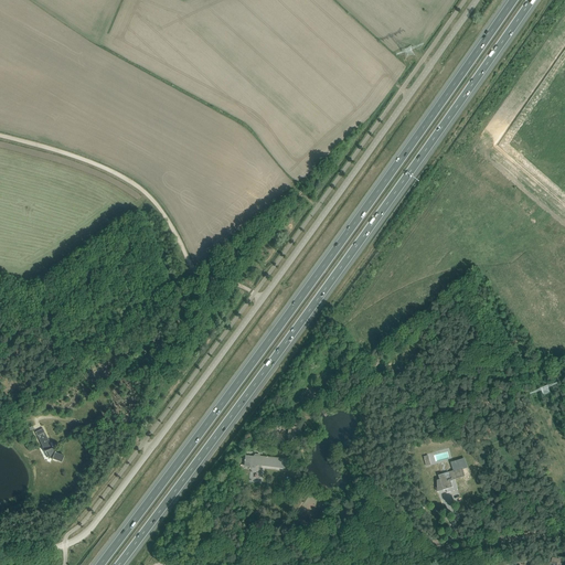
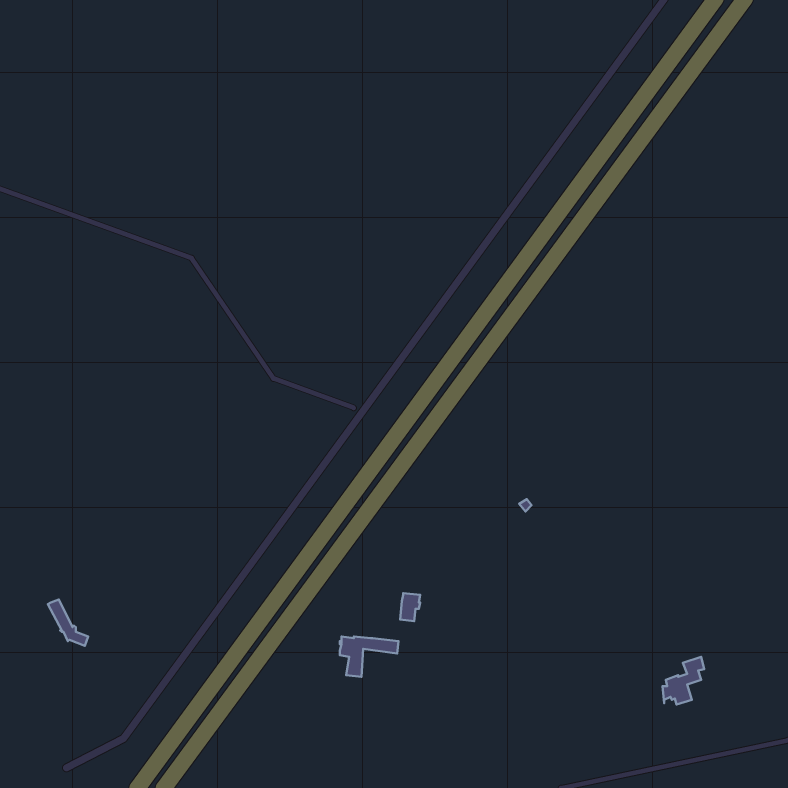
building: [436,458,466,492] -> [663,657,704,705]

